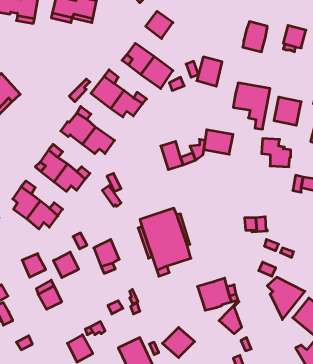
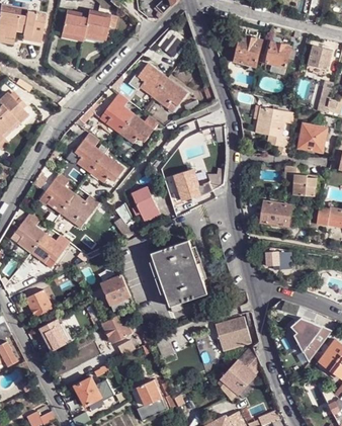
building: [197,57,222,86] -> [233,34,260,66]
building: [204,130,233,154] -> [260,199,291,226]
building: none -> [131,186,160,222]
building: [53,252,79,278] -> [103,315,131,342]
building: [162,327,195,358] -> [221,361,255,394]

